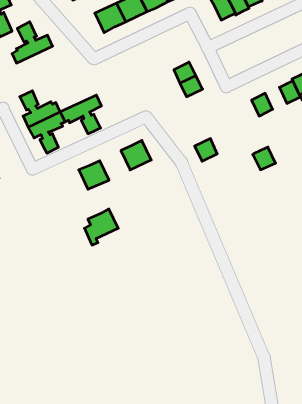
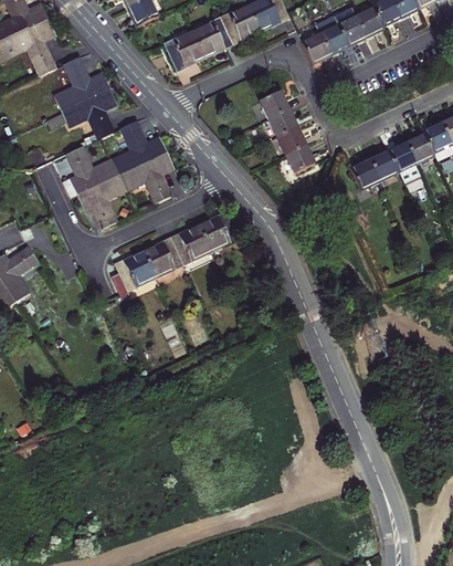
building: none -> [302,32,330,62]
building: none -> [62,87,117,146]
building: none -> [260,91,288,118]
building: none -> [114,119,167,174]
building: none -> [388,142,419,177]
building: [195,139,217,161] -> [285,144,315,174]
building: [253,147,276,170] -> [350,158,380,188]
building: none -> [171,224,211,263]
building: [84,209,118,245] -> [112,250,156,297]

